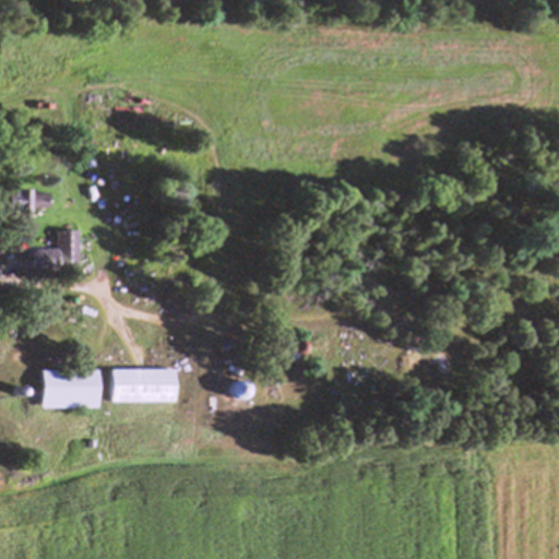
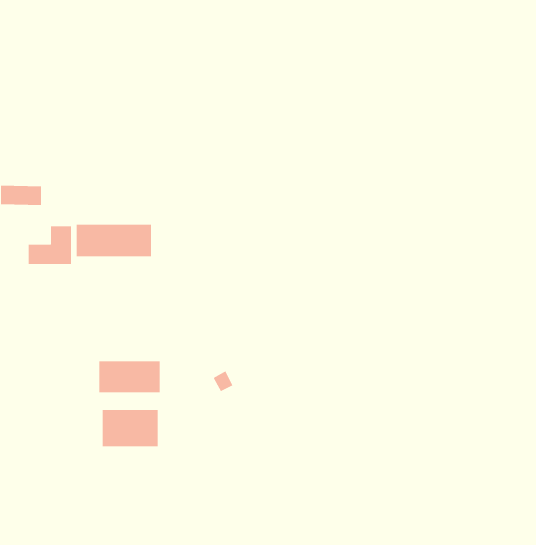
building: none -> [76,224,151,257]
building: [43,368,100,406] -> [102,409,158,447]

